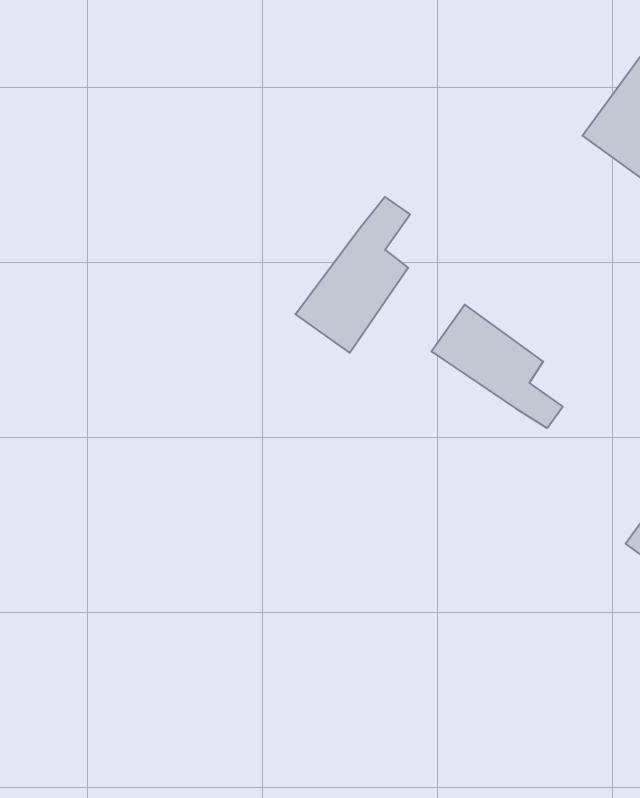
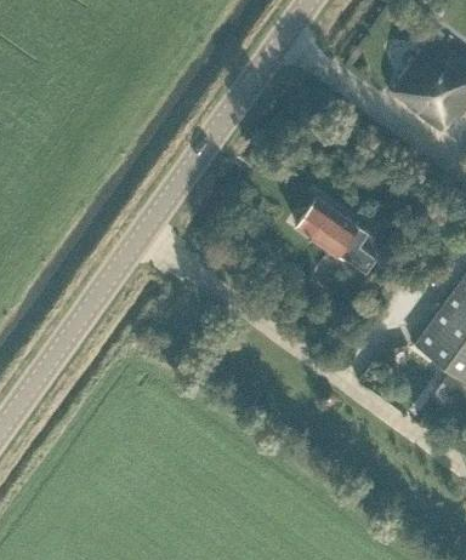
building: [295,197,410,353] -> none

